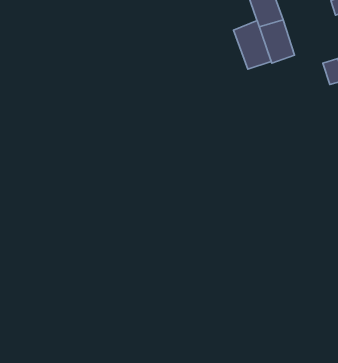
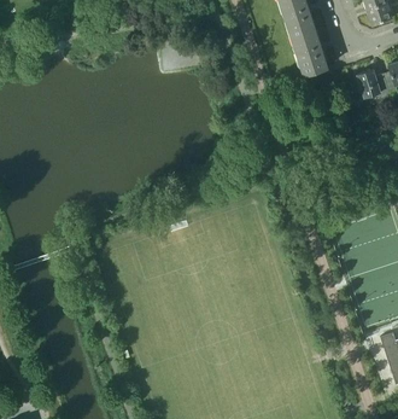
building: [234,20,271,69] -> none

